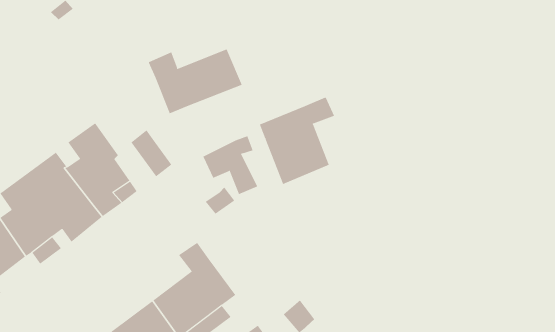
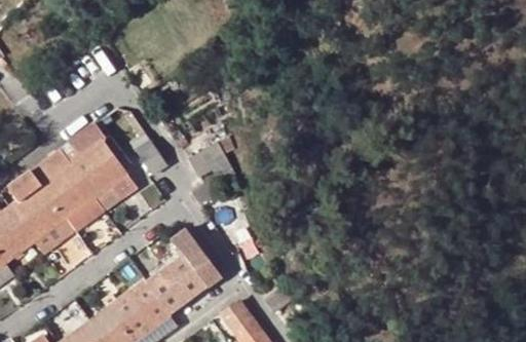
building: [148,49,242,114] -> none
building: [259,97,335,185] -> none

